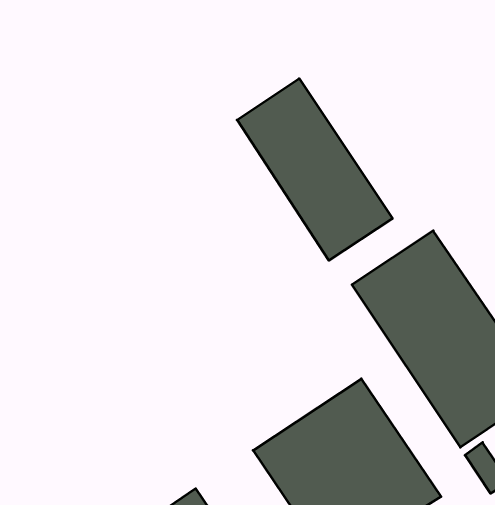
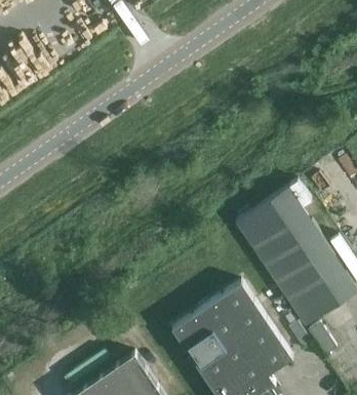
building: [237,79,392,260] -> none

